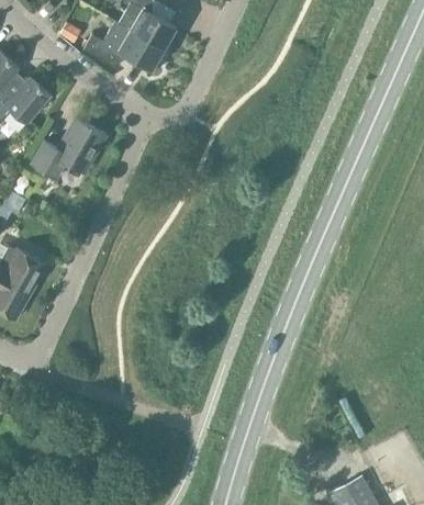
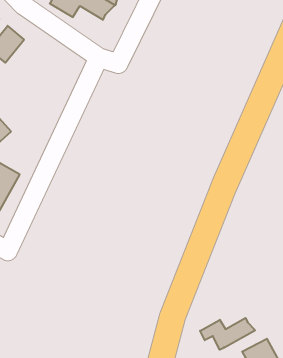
building: [31,117,105,178] -> none
building: none -> [200,318,255,350]

